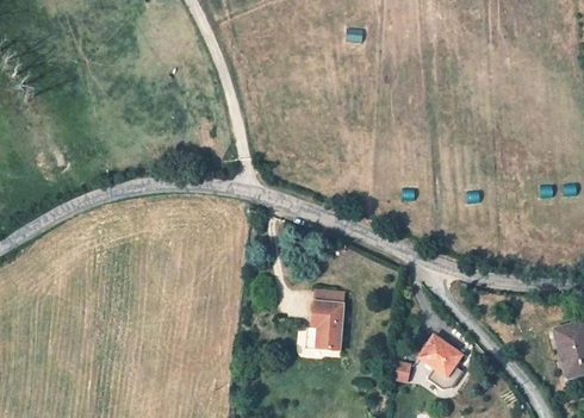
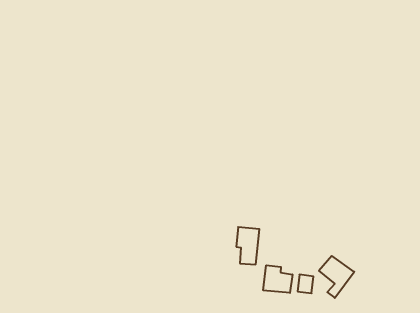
building: none -> [263,265,292,293]

